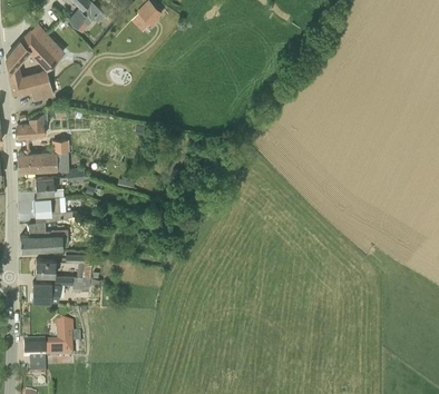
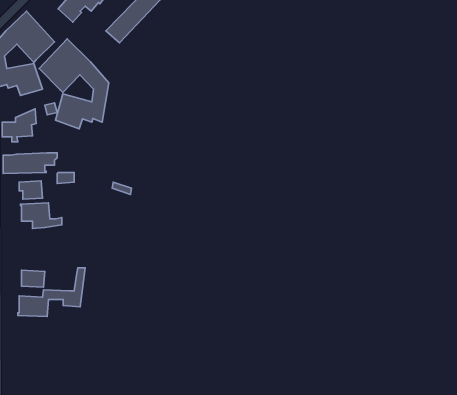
building: none -> [39,39,109,129]
building: [20,232,62,250] -> none
building: [22,325,72,361] -> none

